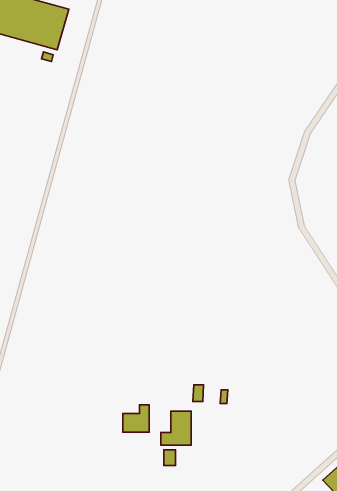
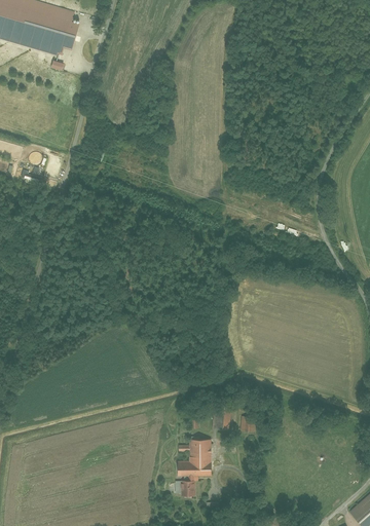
building: [123,405,149,432] -> none

